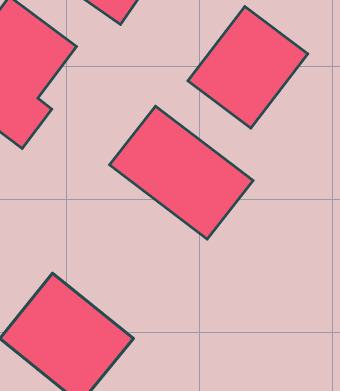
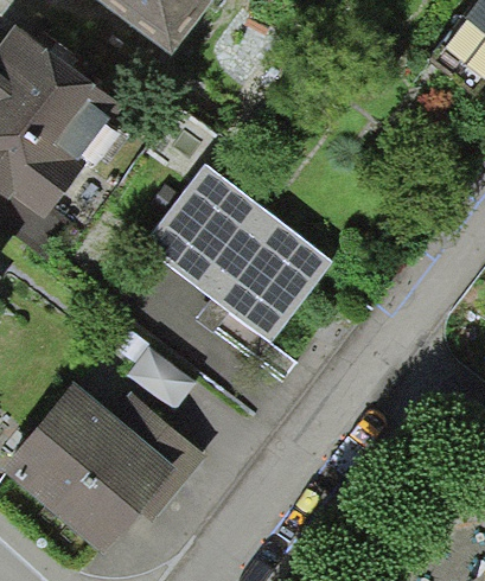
building: [188,7,308,128] -> none

